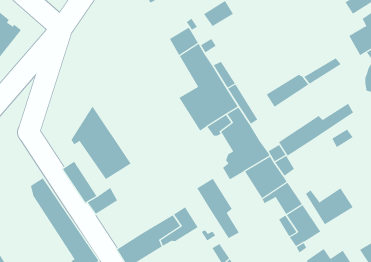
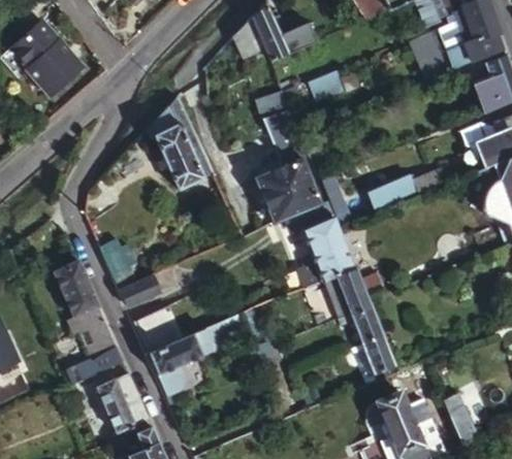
building: [278,103,354,157] -> none
building: [70,105,132,180] -> [141,95,211,188]
building: [196,178,239,239] -> none
building: [305,188,354,225] -> none
building: none -> [137,307,182,351]

